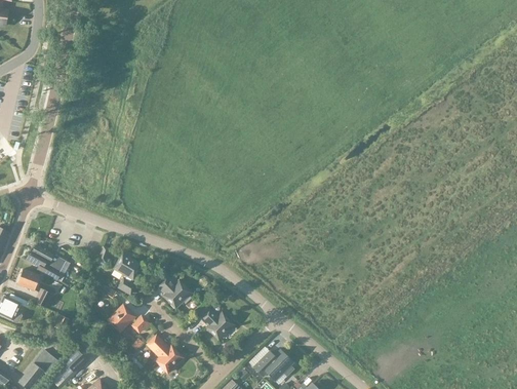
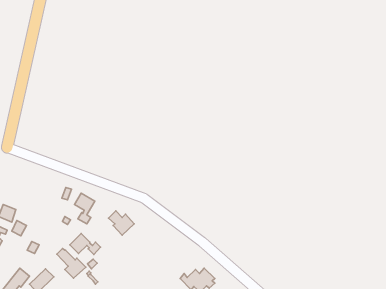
building: [27,244,70,279] -> none
building: [198,306,234,339] -> none
building: [146,334,183,372] -> [57,249,86,278]

